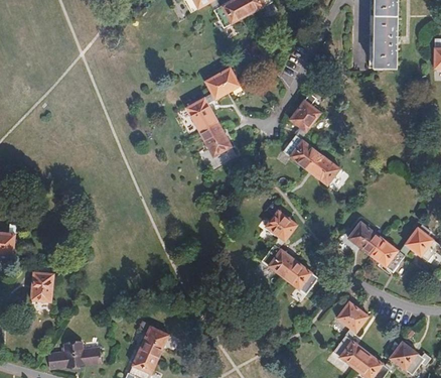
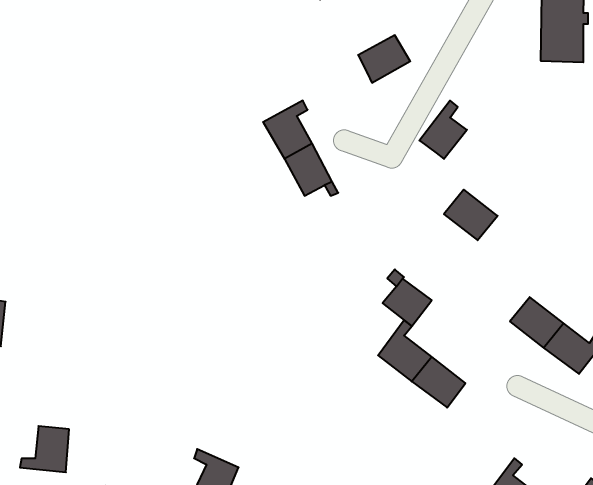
building: [205,68,240,99] -> [358,35,410,83]
building: [282,127,317,167] -> none
building: [21,271,53,301] -> [20,426,69,472]
building: [336,300,368,332] -> none

